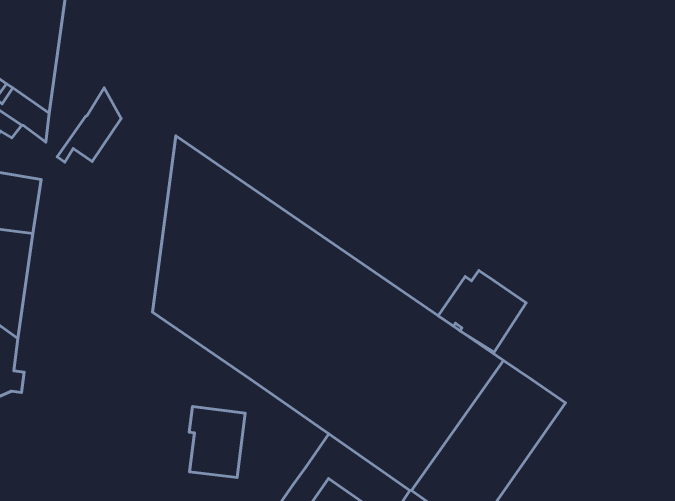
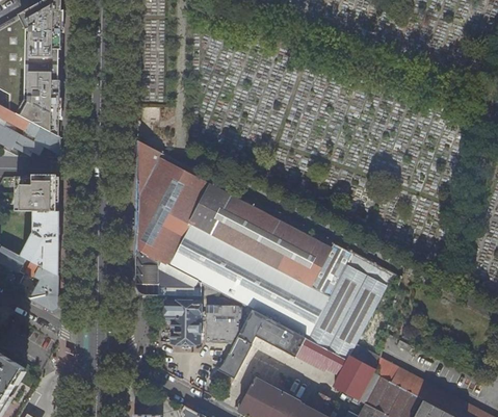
building: [57,88,121,162] -> none
building: [438,270,526,352] -> none
building: none -> [134,250,200,296]
building: none -> [204,298,239,343]

